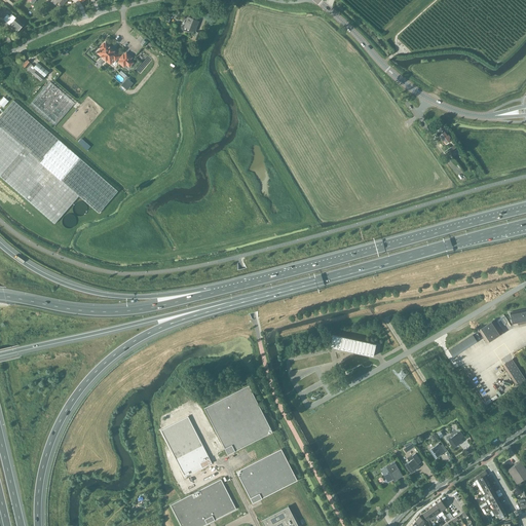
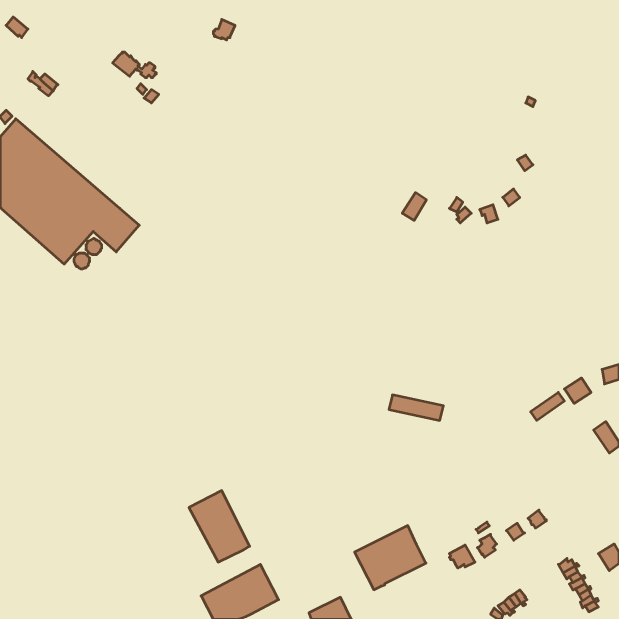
building: [30,81,75,126] -> none
building: [204,385,272,455] -> none
building: [236,449,297,503] -> [355,526,426,590]

